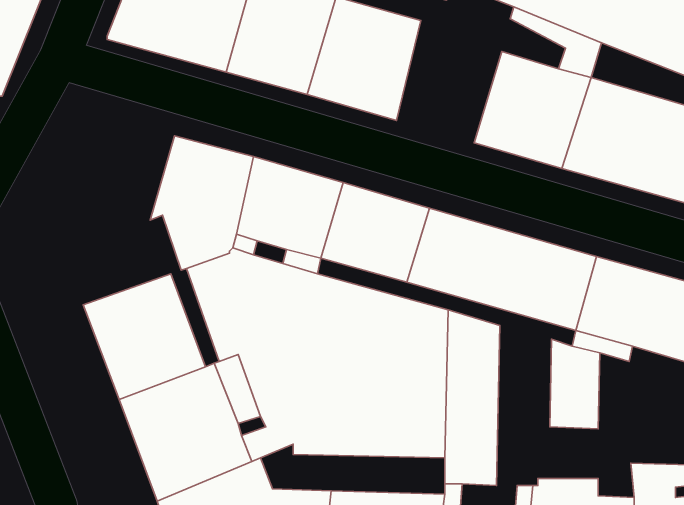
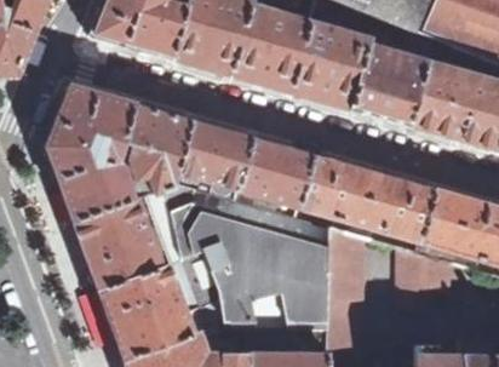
building: none -> [294,23,369,109]
building: none -> [46,85,143,223]

